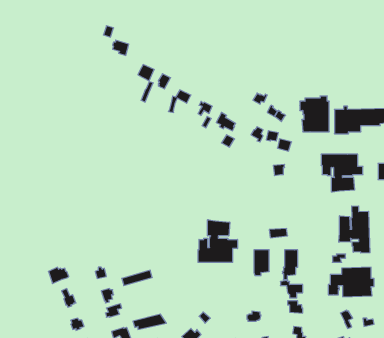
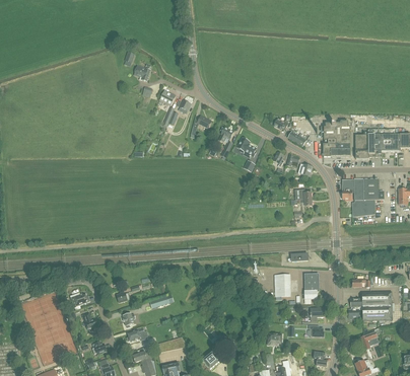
building: [339,206,370,253] -> none
building: [198,220,237,262] -> none

